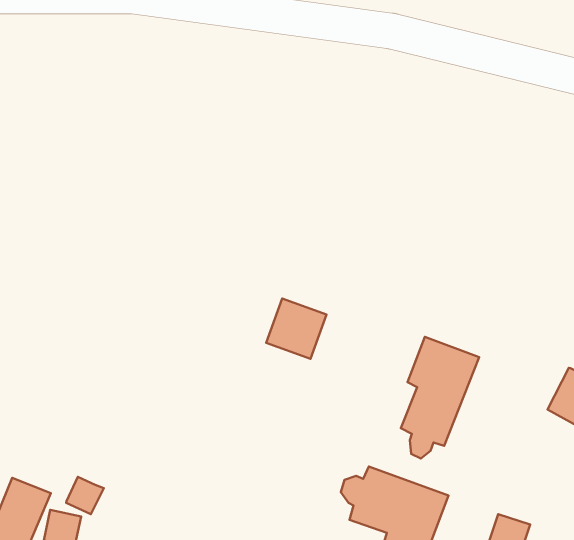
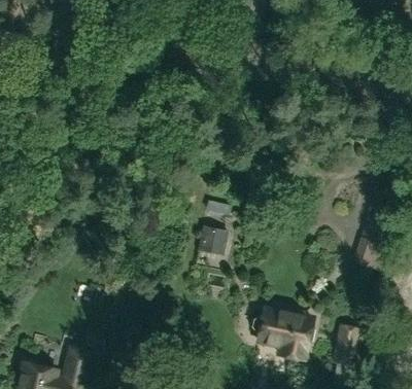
building: [401,337,479,459] -> none

